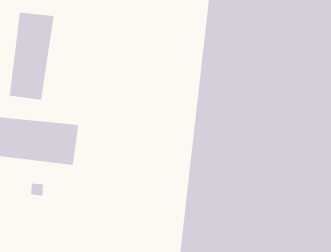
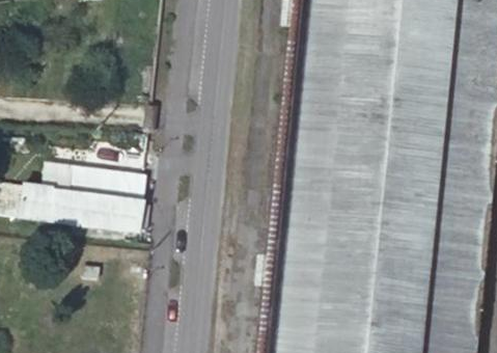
building: [9,12,54,100] -> none

